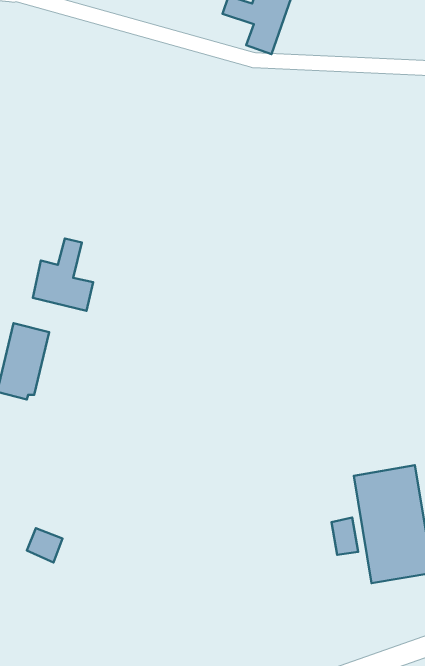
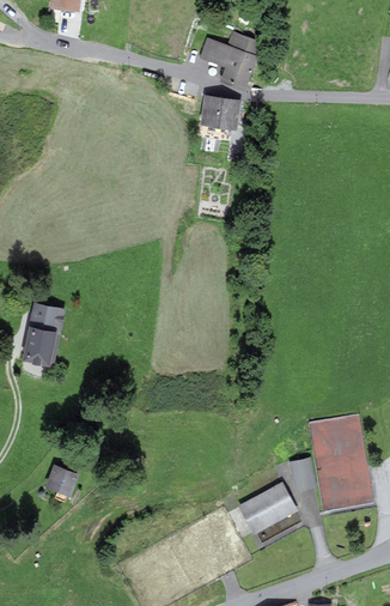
building: none -> [200,97,238,129]
building: [33,238,93,311] -> none
building: none -> [240,483,297,533]

